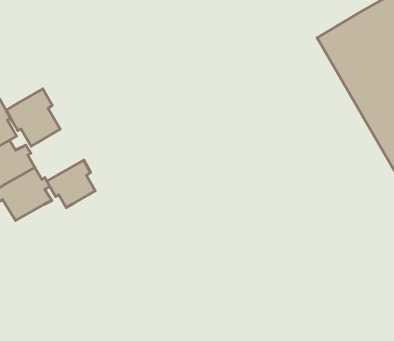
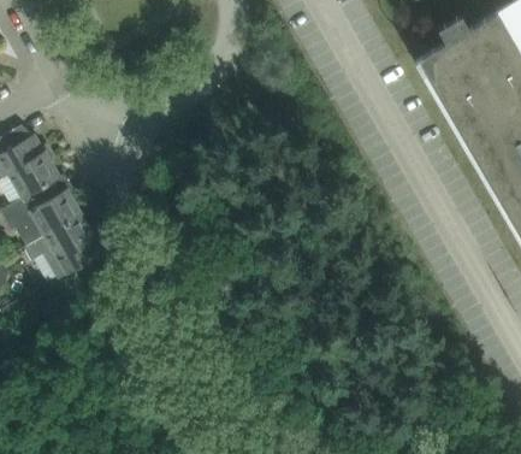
building: [6,89,60,146] -> none
building: [47,160,95,208] -> none

